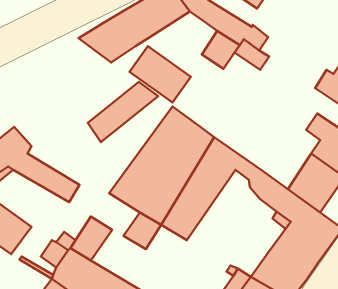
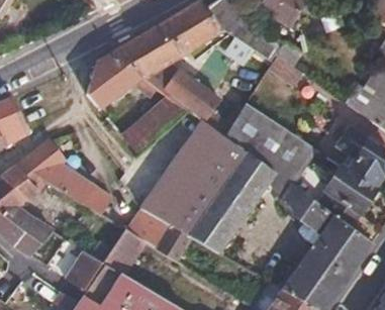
building: none -> [86,53,164,110]
building: none -> [222,100,315,183]
building: none -> [123,206,172,248]

